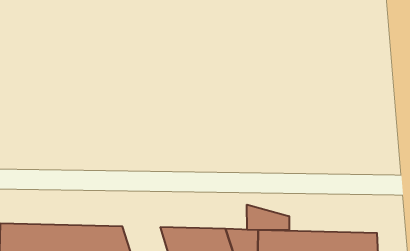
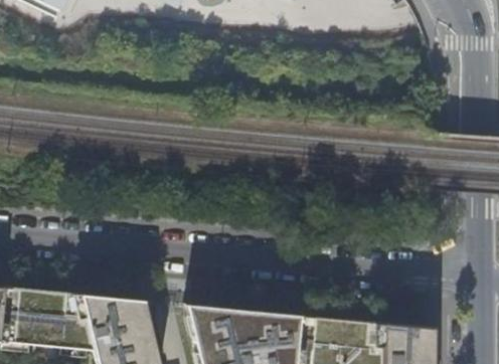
building: [247,205,289,230] -> none

